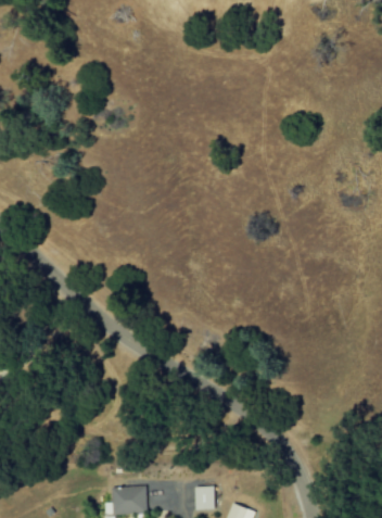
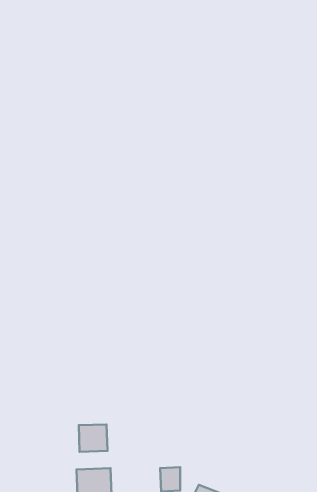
building: none -> [79,425,107,452]

